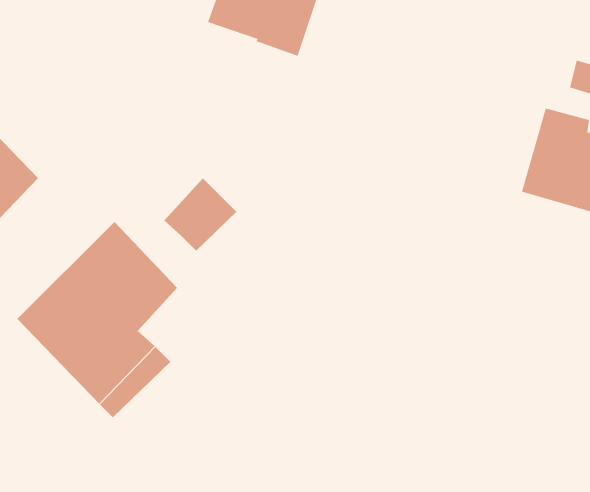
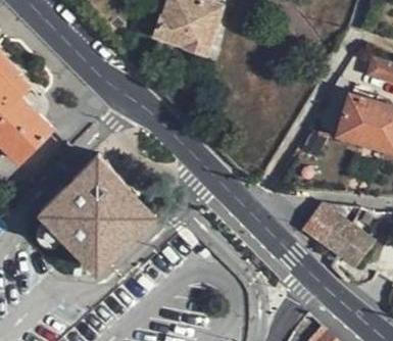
building: [163,178,237,251] -> [110,194,154,238]
building: none -> [302,204,373,267]

